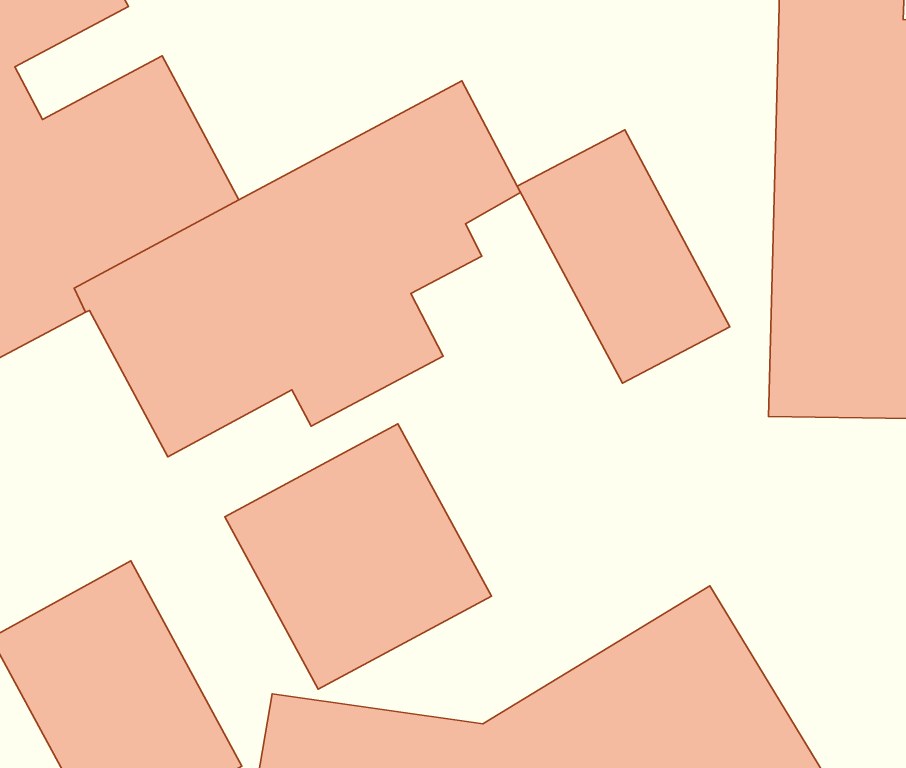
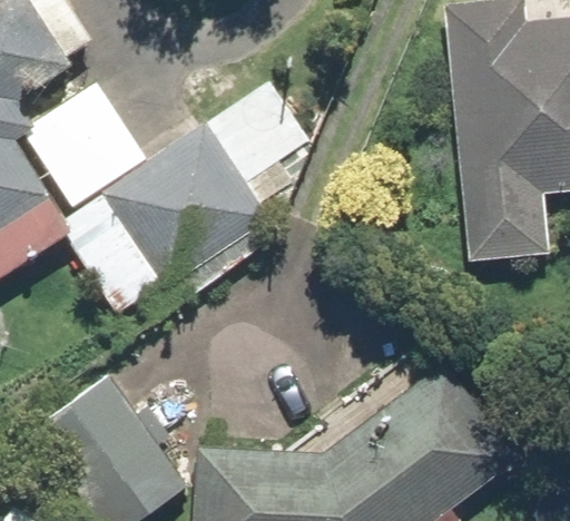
building: [517,130,730,383] -> none
building: [225,424,491,689] -> none

